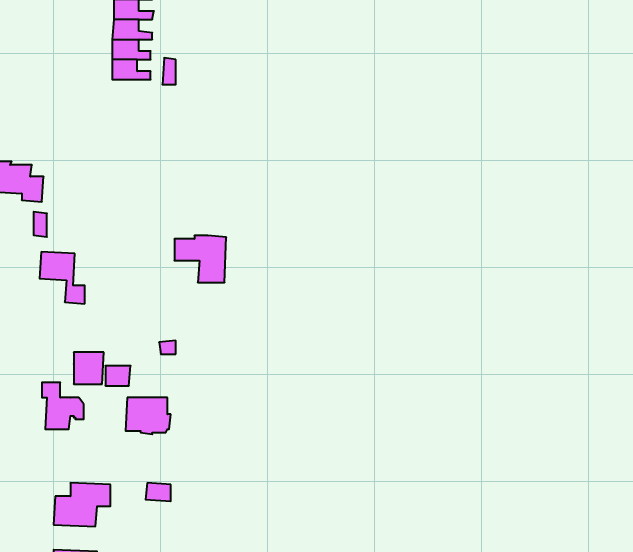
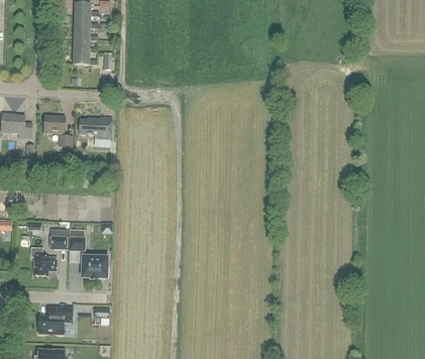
building: [174,236,226,282] -> [79,118,110,146]
building: [40,252,85,304] -> [43,115,71,146]

